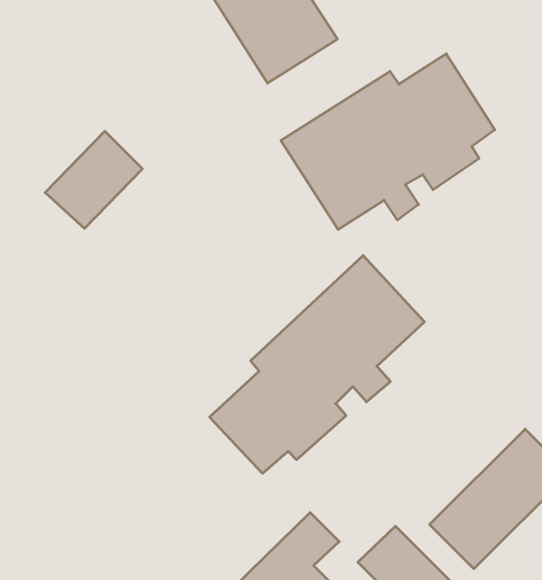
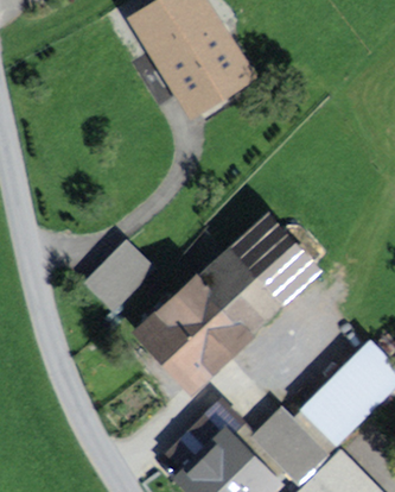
building: [281,54,495,230] -> none
building: [45,131,142,228] -> [85,242,153,310]

